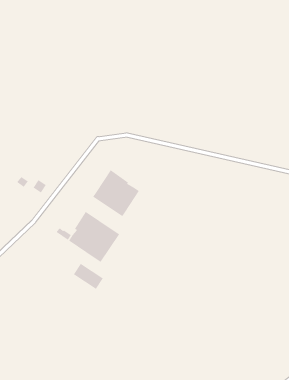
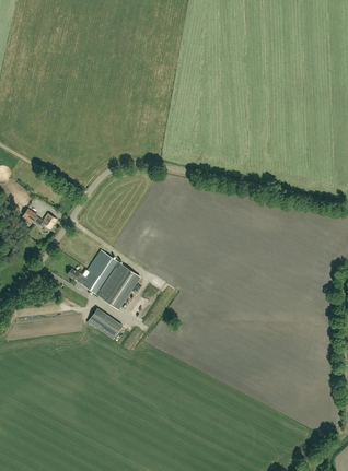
building: [92,169,140,217] -> none

